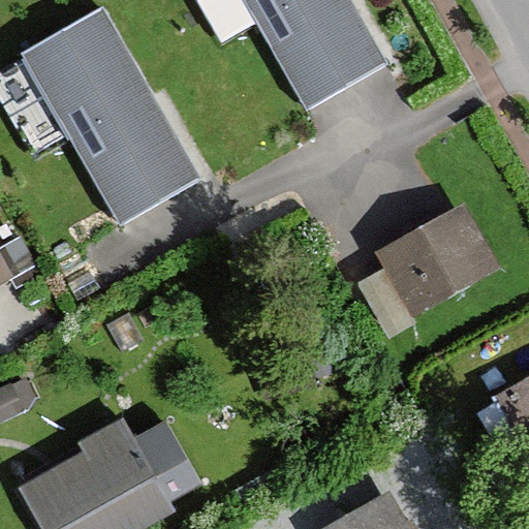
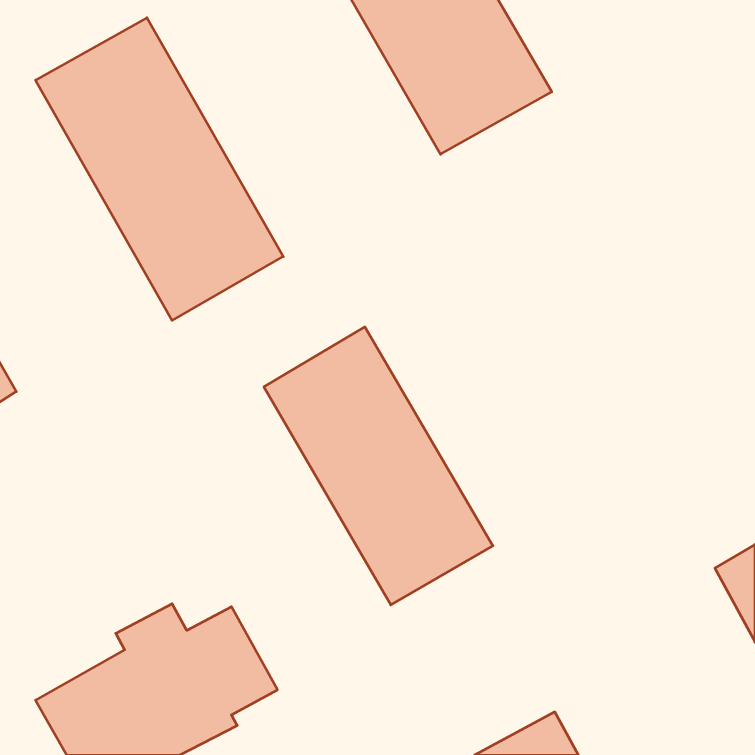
building: [350,206,500,344] -> none
building: none -> [264,327,493,605]

